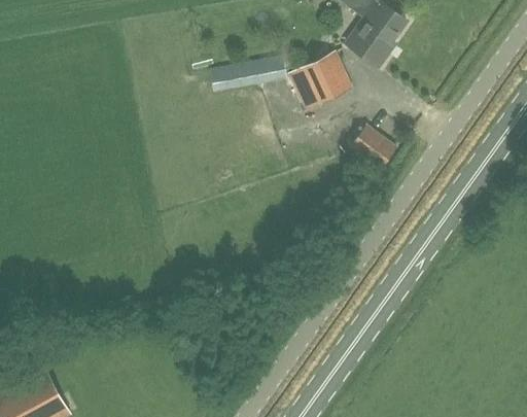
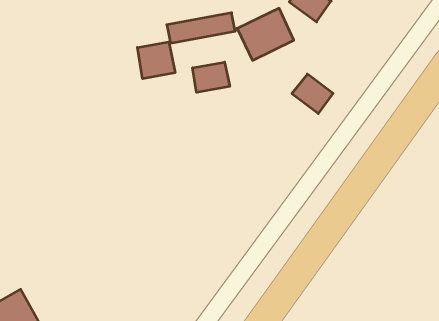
building: none -> [137,42,175,79]
building: none -> [193,62,230,92]

